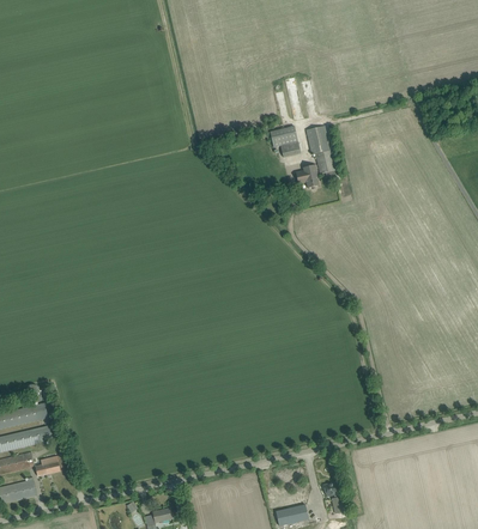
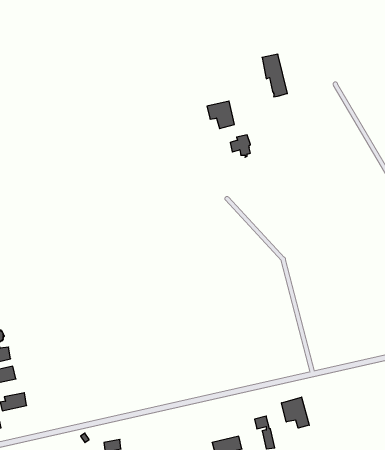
building: [305,126,334,174] -> [262,54,287,97]
building: none -> [282,397,309,428]

